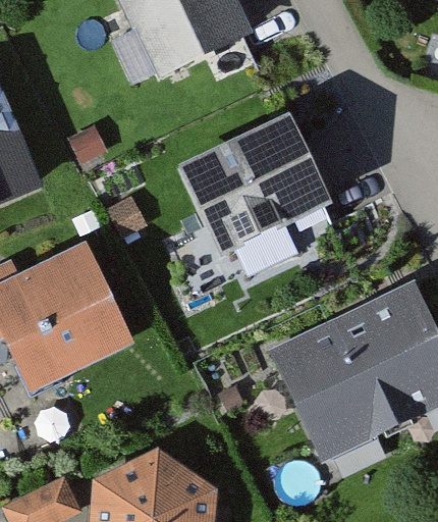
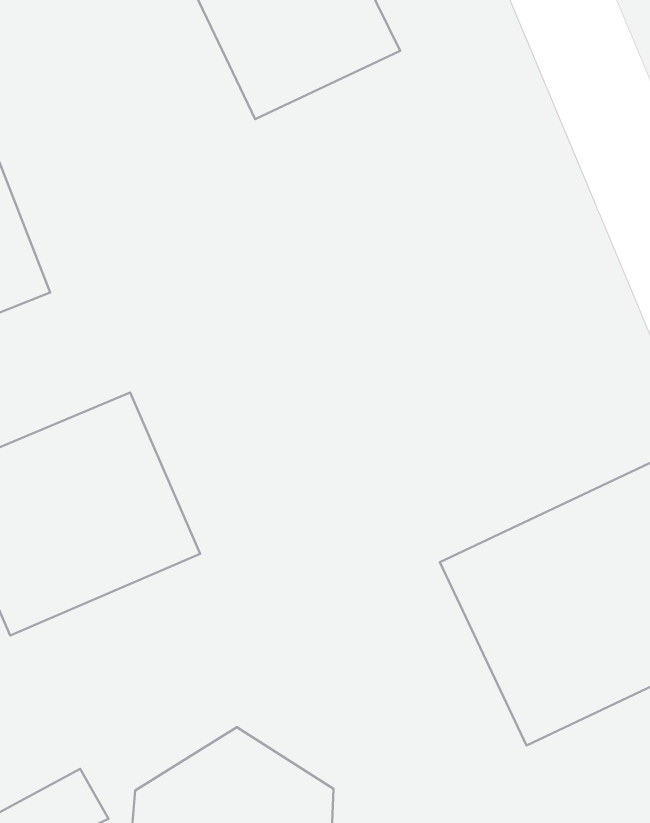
building: [177,116,331,260] -> none

